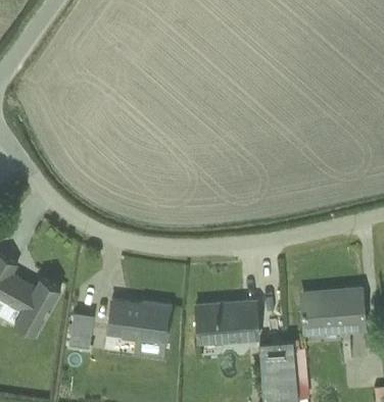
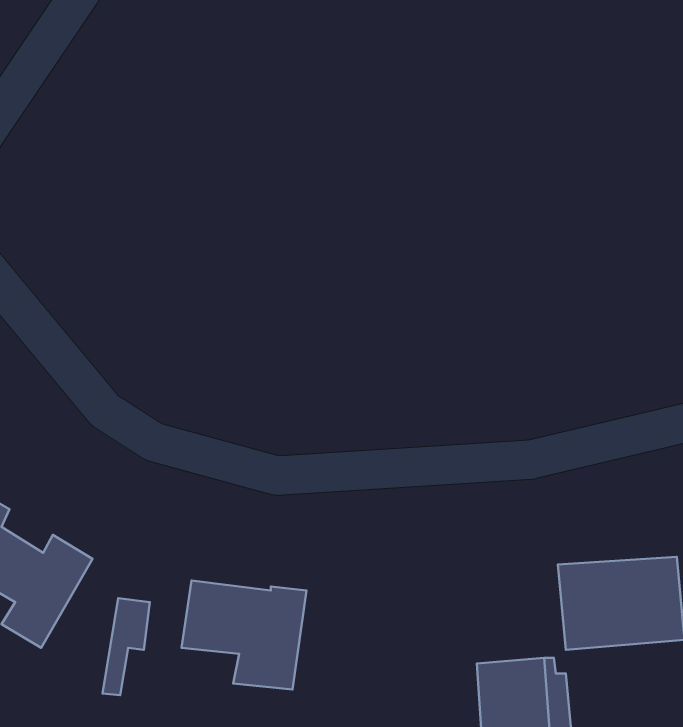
building: [196,302,258,346] -> none

